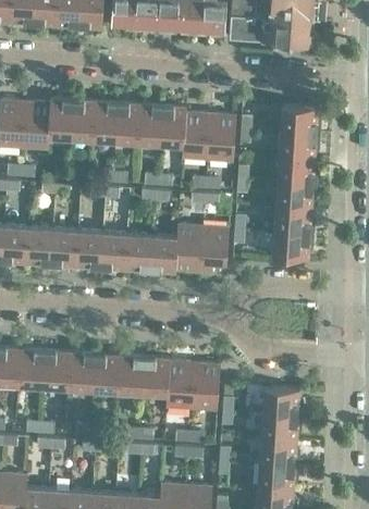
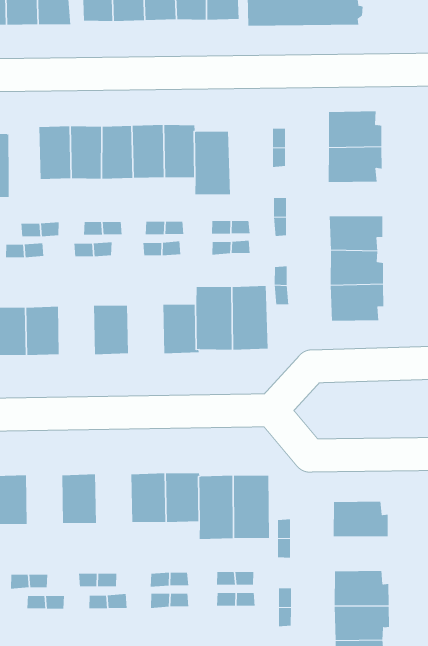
building: [48,99,72,138] -> none
building: [207,114,235,161] -> none
building: [276,157,317,184] -> none
building: [74,231,101,268] -> none
building: [124,234,151,271] -> none
building: [41,350,69,387] -> none
building: [91,353,119,390] -> none
building: [260,412,302,439] -> none

